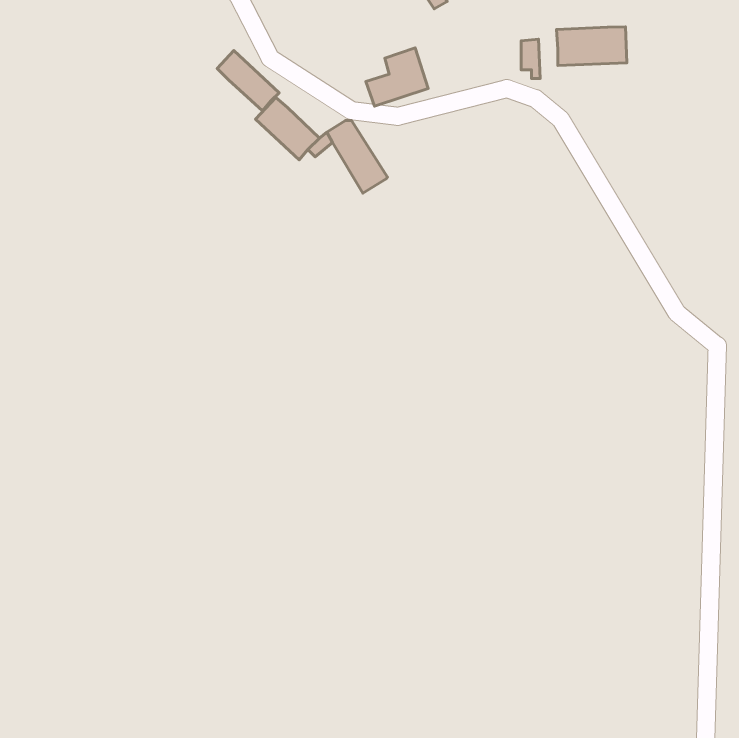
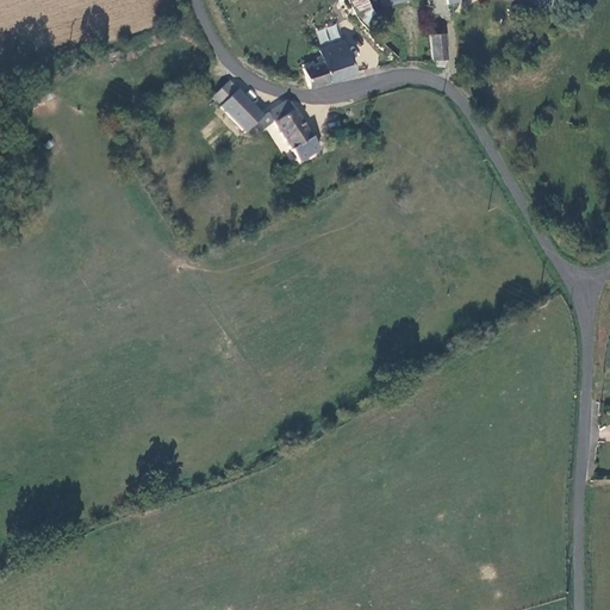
building: [556,27,627,66] -> none
building: [217,51,279,111] -> none

